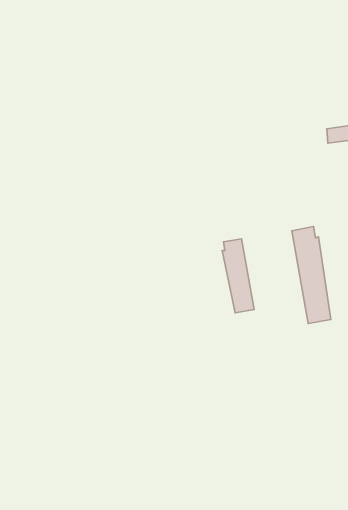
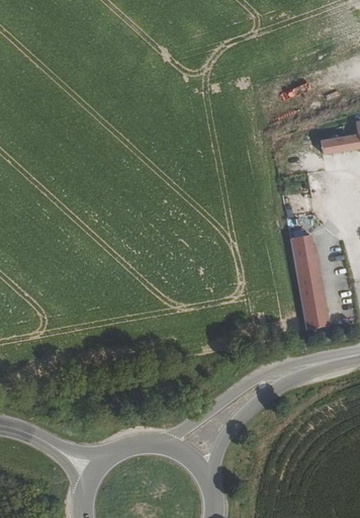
building: [222,239,254,313] -> none

